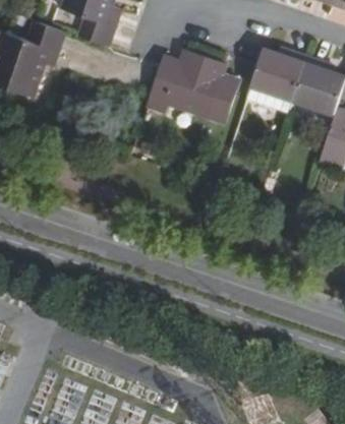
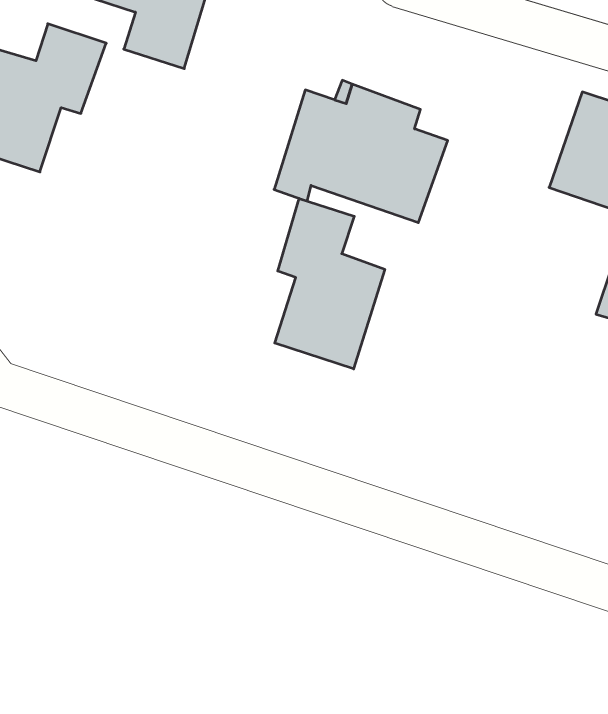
building: [253,48,312,106] -> none
building: none -> [275,198,385,369]

